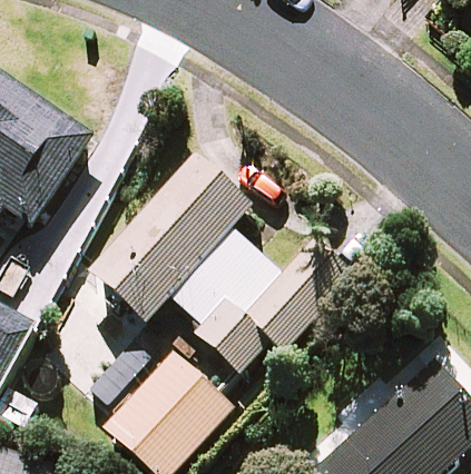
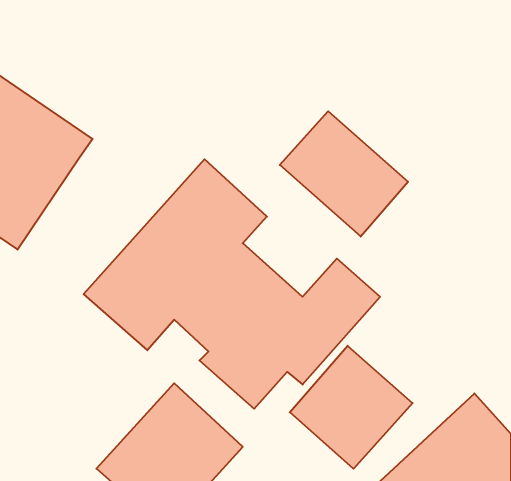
building: none -> [280,111,408,237]
building: none -> [290,346,413,469]

